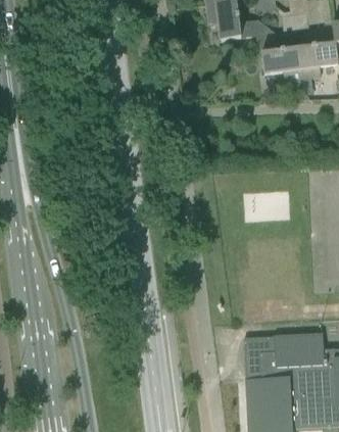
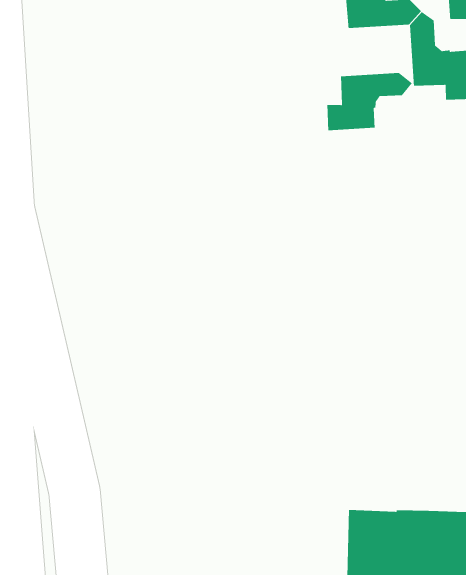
building: none -> [327,72,413,131]

